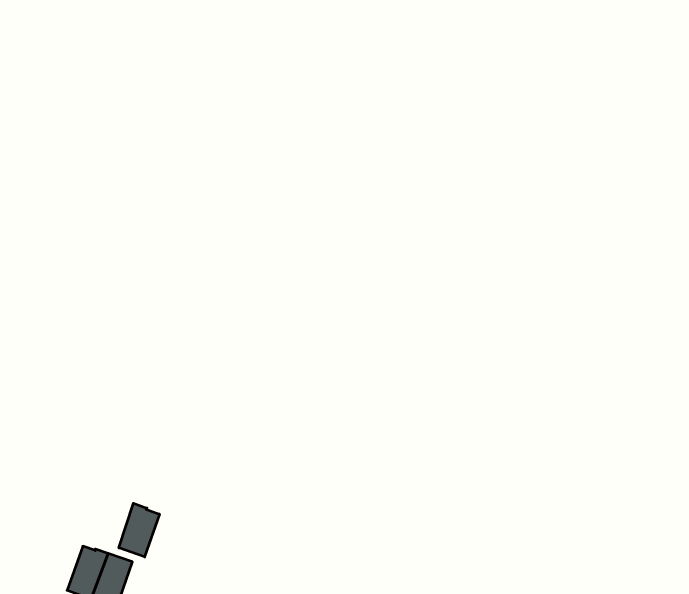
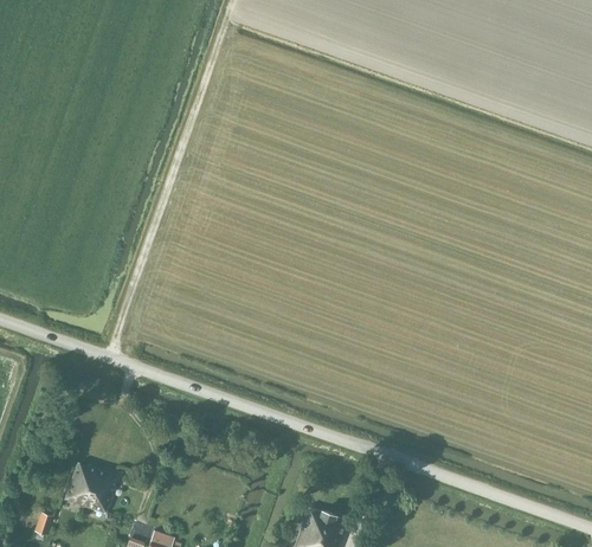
building: [119,503,159,557] -> none

